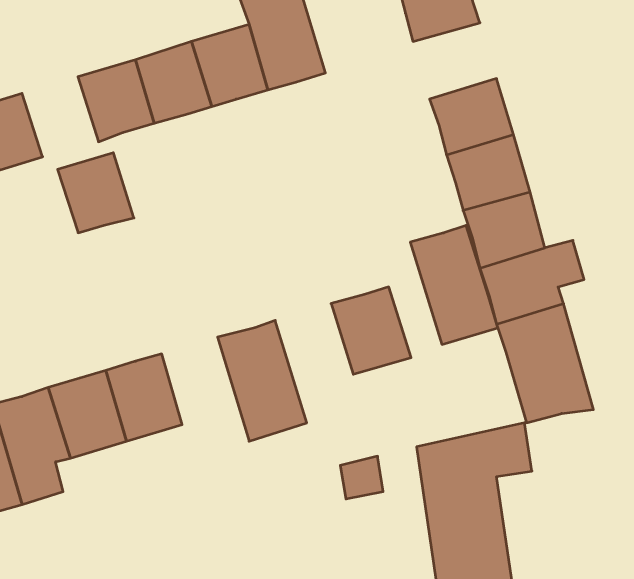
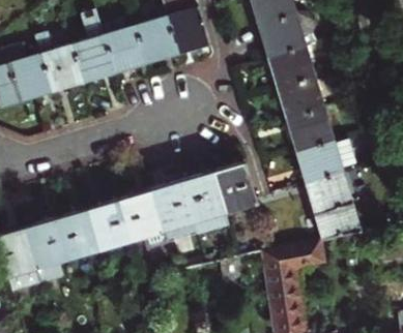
building: none -> [259,10,323,59]
building: [58,153,134,233] -> [41,47,84,91]
building: [410,225,498,344] -> [182,173,231,239]
building: none -> [119,191,168,254]

